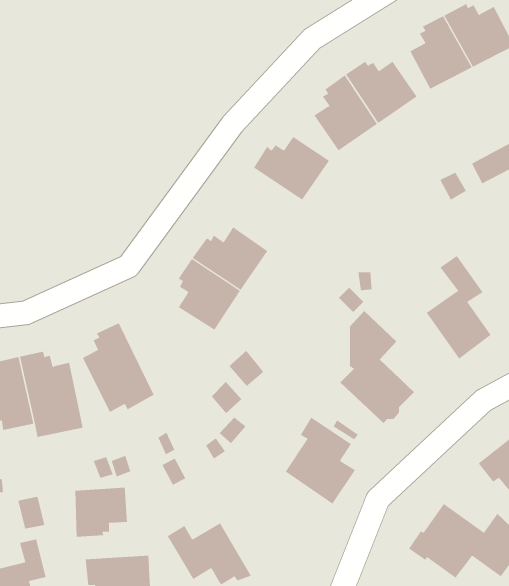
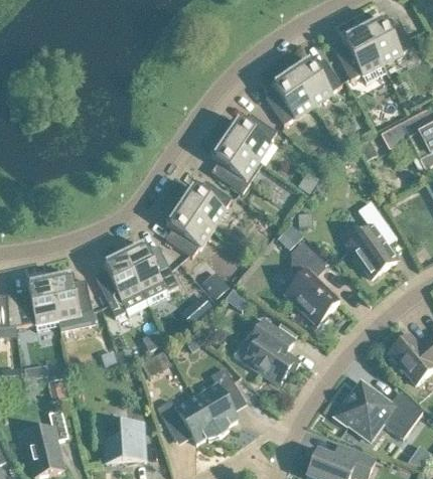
building: none -> [210,136,262,192]
building: none -> [122,242,178,303]
building: none -> [196,367,244,436]
building: [75,487,127,538] -> none

